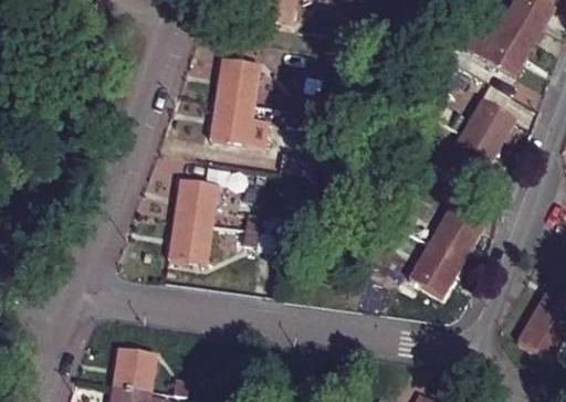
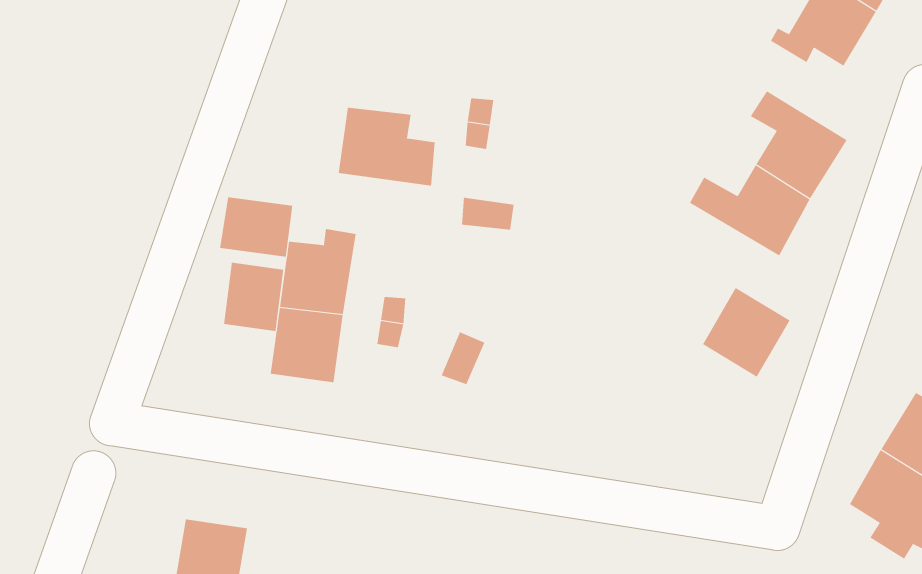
building: [217,57,261,103] -> none
building: none -> [219,196,293,258]
building: none -> [224,262,284,332]
building: [410,241,463,295] -> none

